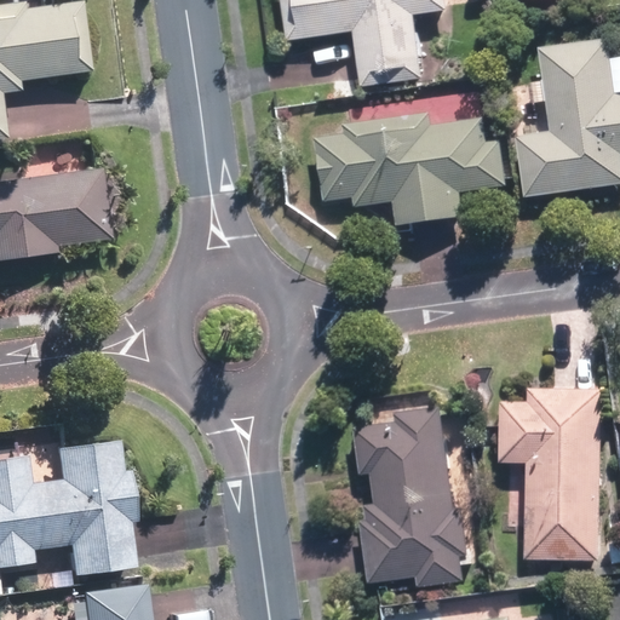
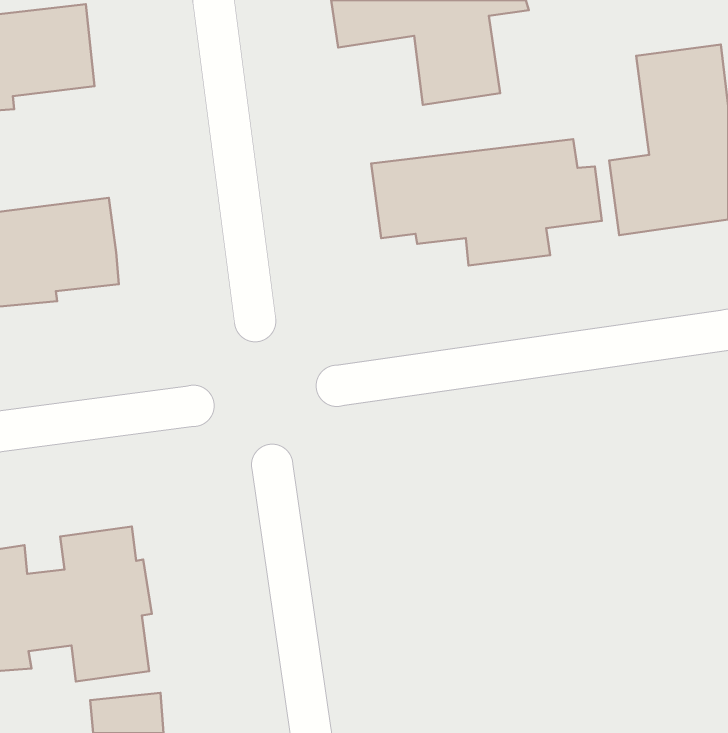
building: [498,386,602,562] -> none
building: [355,407,483,589] -> none

